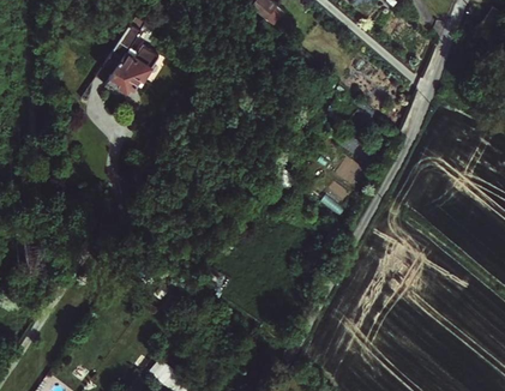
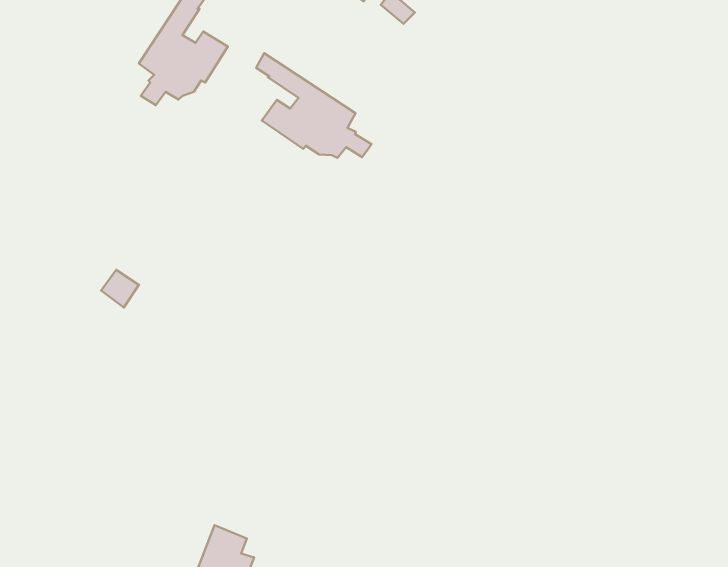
building: none -> [256,53,371,158]

